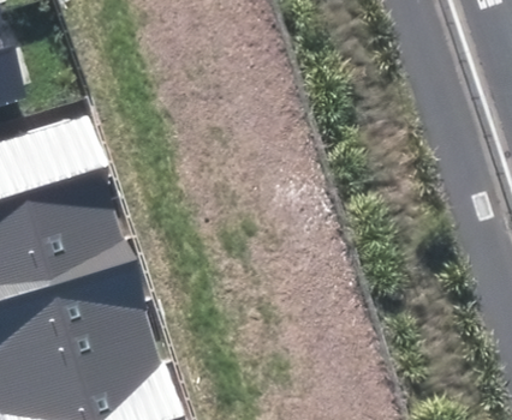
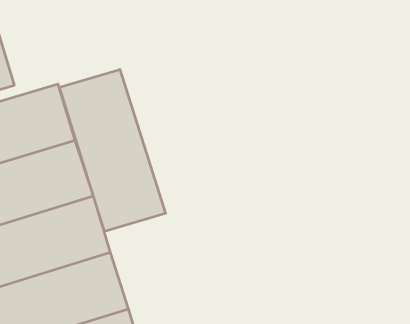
building: none -> [60,69,166,232]

